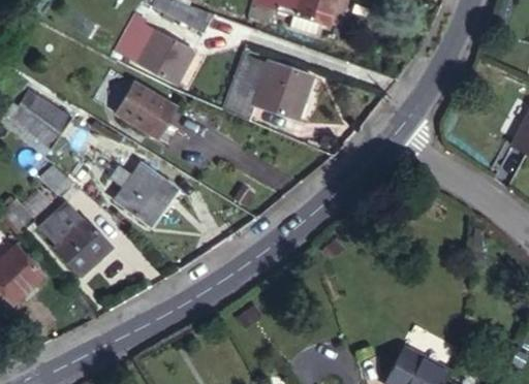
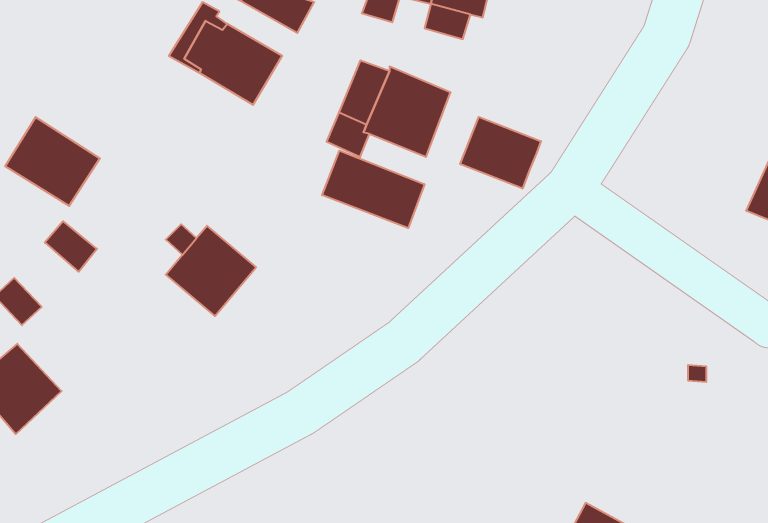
building: [120,79,179,133] -> none
building: none -> [460,117,541,189]
building: none -> [322,151,424,228]
building: [49,206,113,273] -> none

